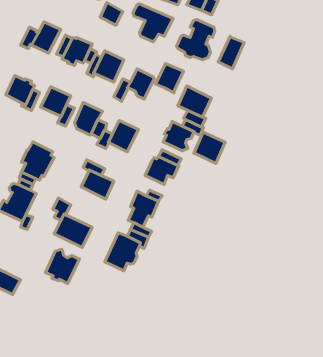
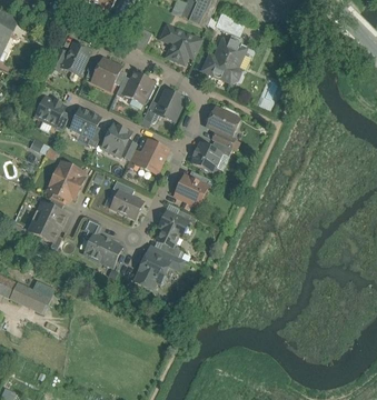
building: [218,36,244,69] -> none
building: [156,64,184,93] -> none
building: [194,132,225,164] -> none
building: [45,249,80,284] -> none

